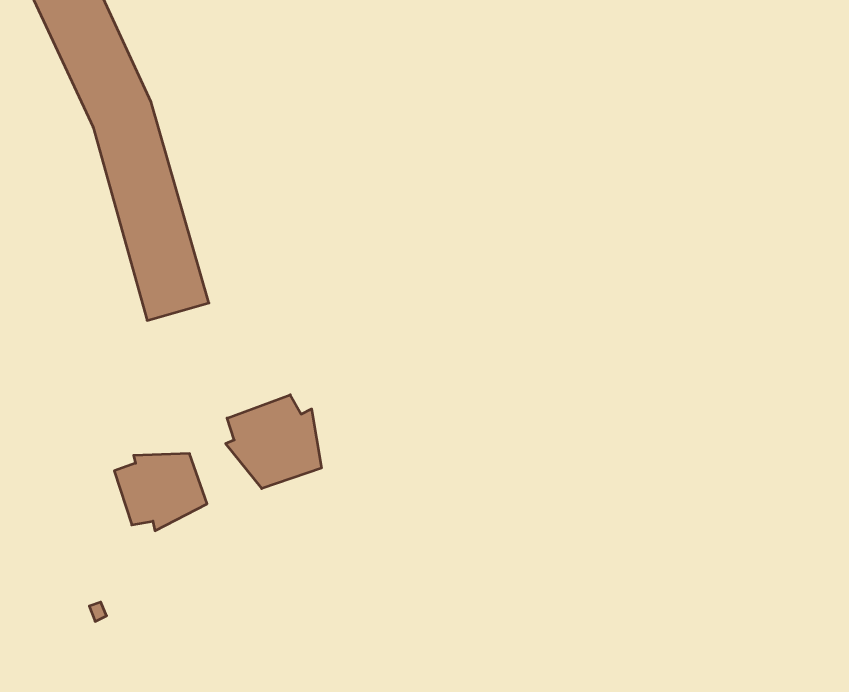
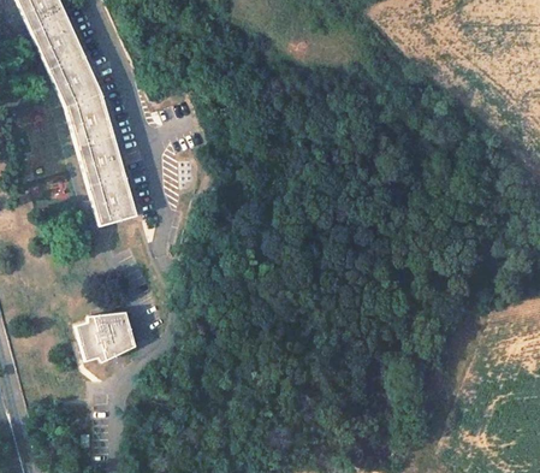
building: [226,395,321,489] -> none

